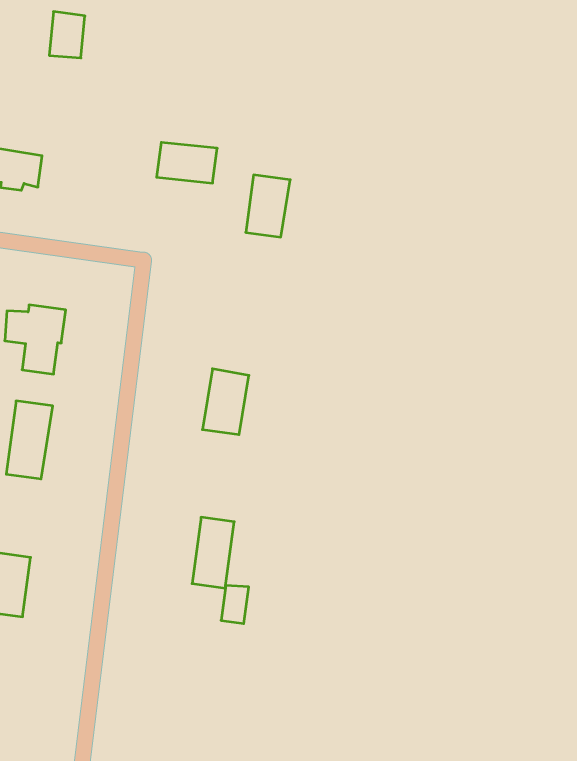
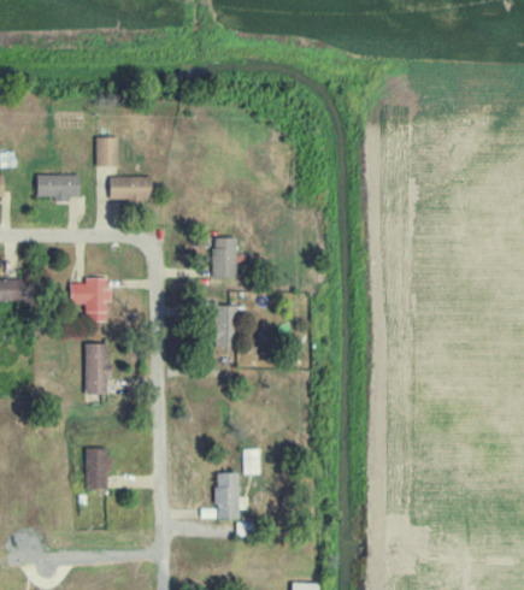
building: [49,12,85,58] -> [95,137,118,167]
building: [157,142,217,183] -> [110,176,148,201]
building: [246,175,290,237] -> [212,238,237,278]
building: [192,517,234,588] -> [216,473,239,519]

